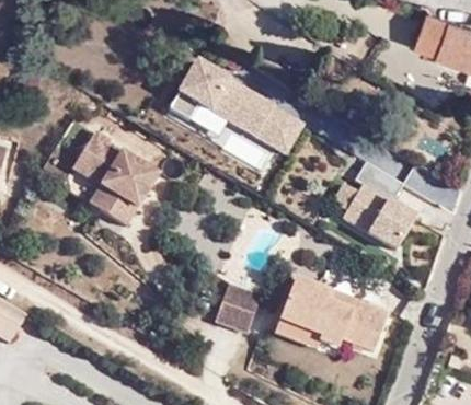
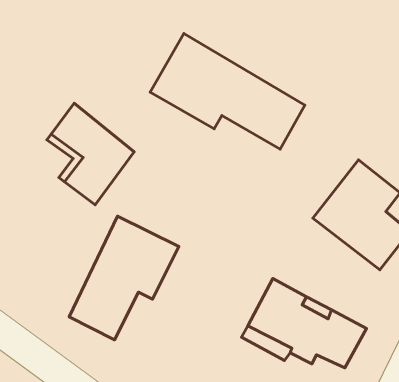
building: none -> [69,216,179,340]
building: [216,286,261,333] -> none

